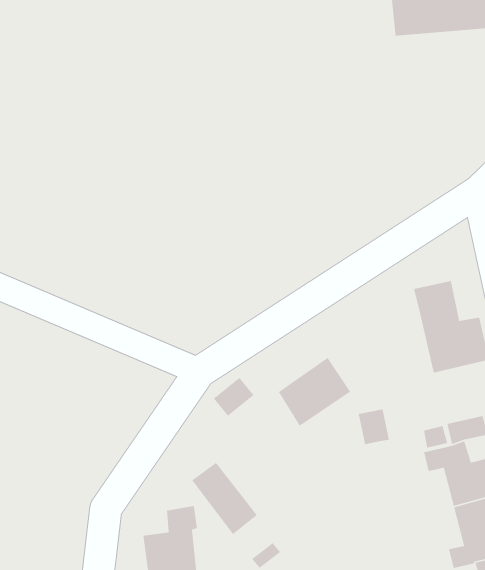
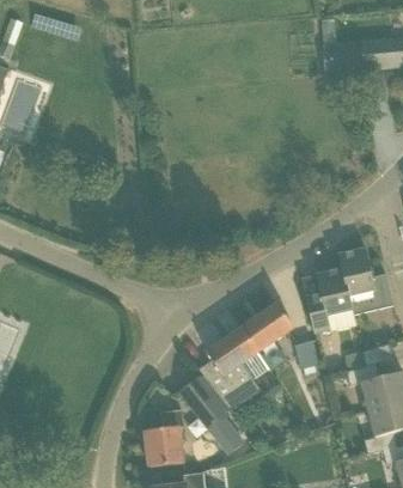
building: none -> [312,266,355,329]
building: none -> [199,325,268,407]

